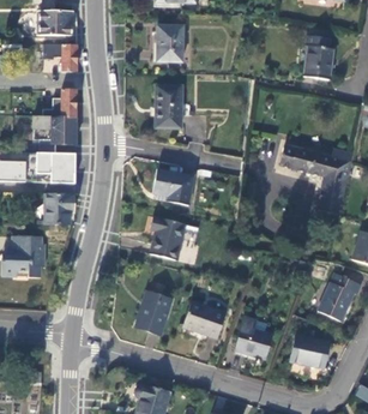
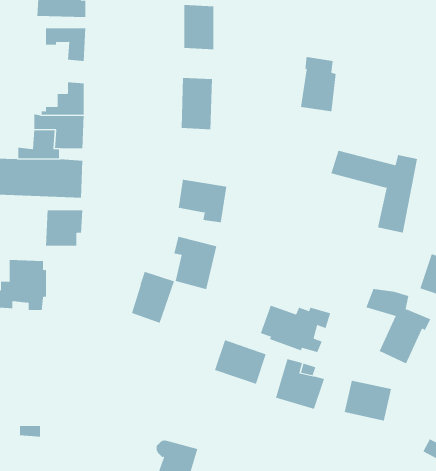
building: [302,35,332,80] -> [300,56,336,112]
building: none -> [260,305,331,353]
building: [135,292,171,335] -> [131,271,175,323]

